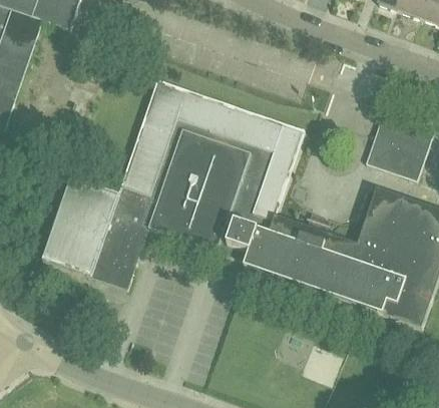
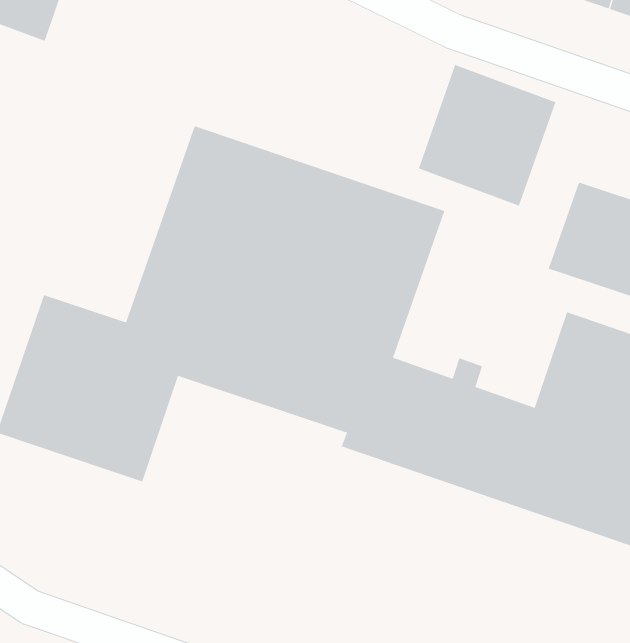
building: none -> [418,64,556,206]

